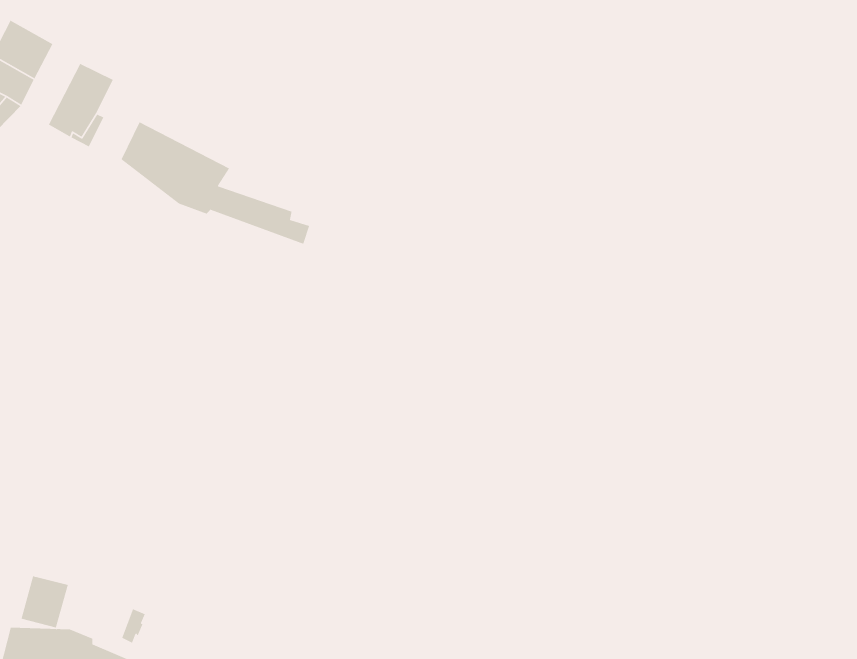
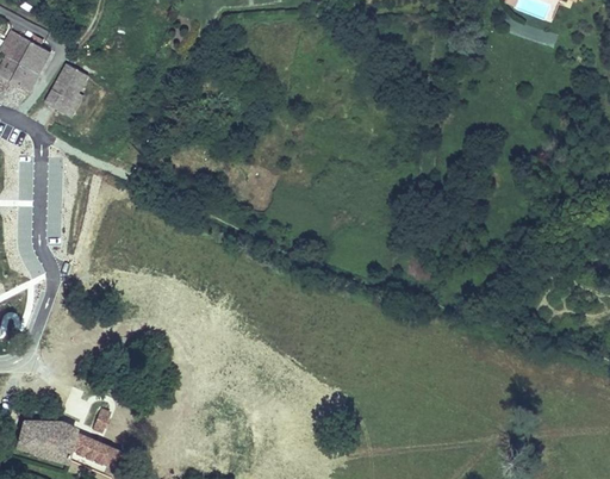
building: [121,121,310,245] -> none
building: [20,575,69,628] -> none

